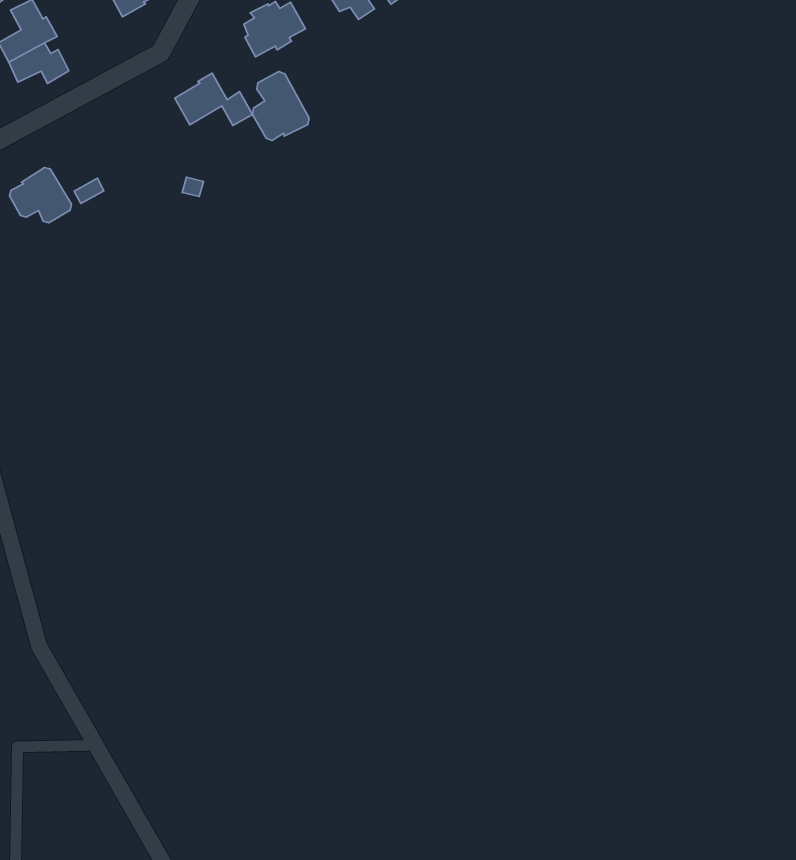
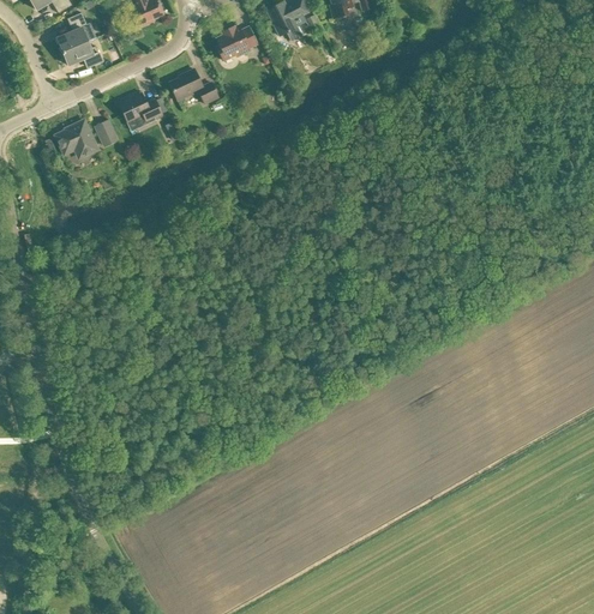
building: [252,71,309,141] -> none
building: none -> [119,92,163,122]

